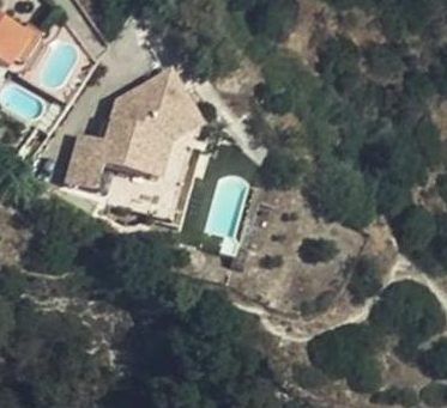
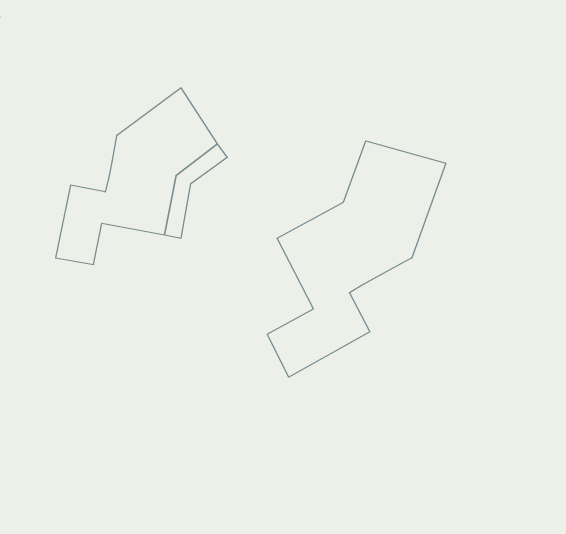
building: none -> [267,141,446,377]

